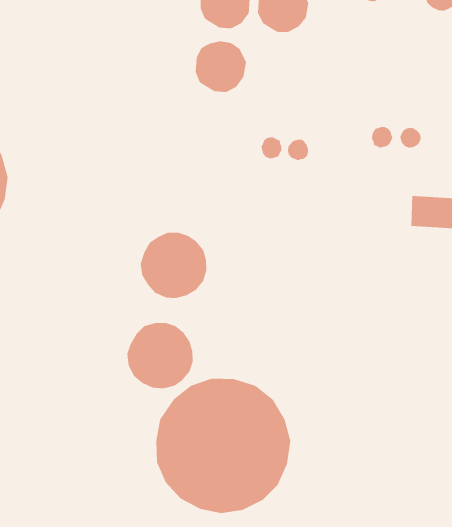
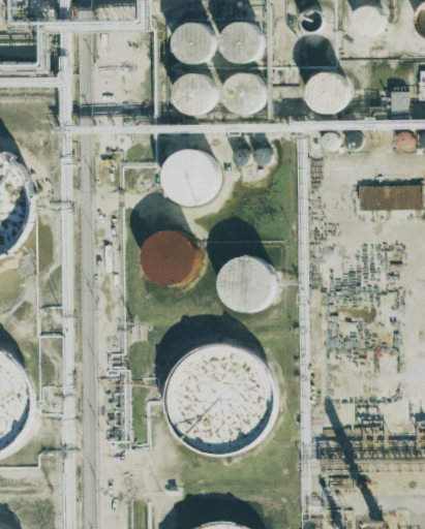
building: none -> [223,71,265,114]
building: none -> [305,70,346,113]
building: none -> [163,149,217,203]
building: [126,322,194,389] -> [219,256,274,310]

